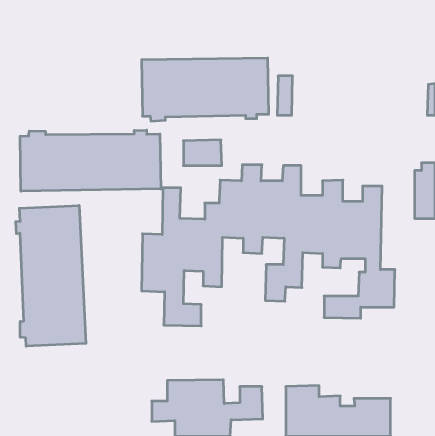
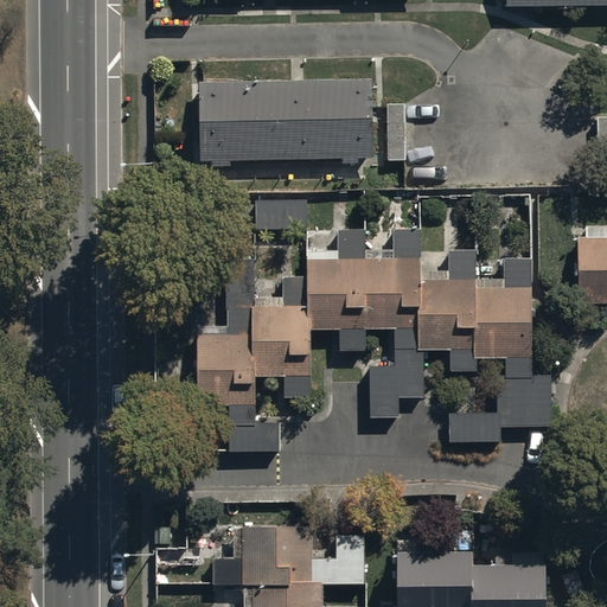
building: [20,130,161,191] -> none
building: [16,205,86,346] -> none

